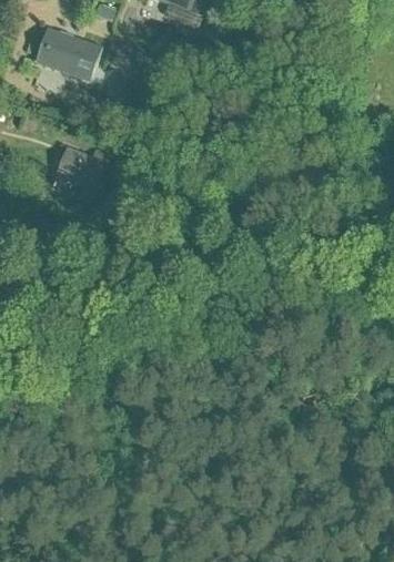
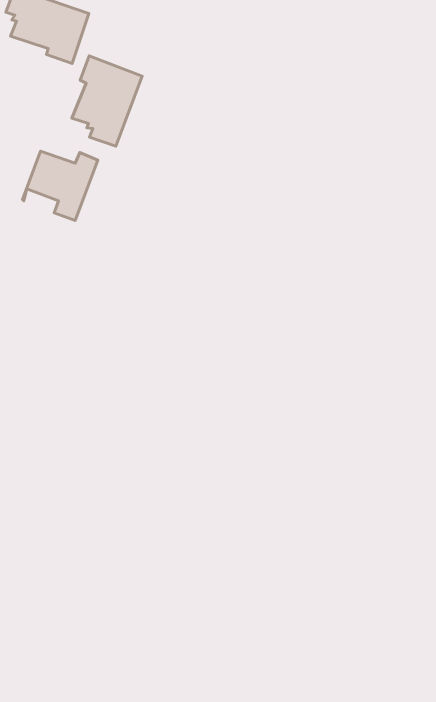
building: none -> [72,56,142,146]

